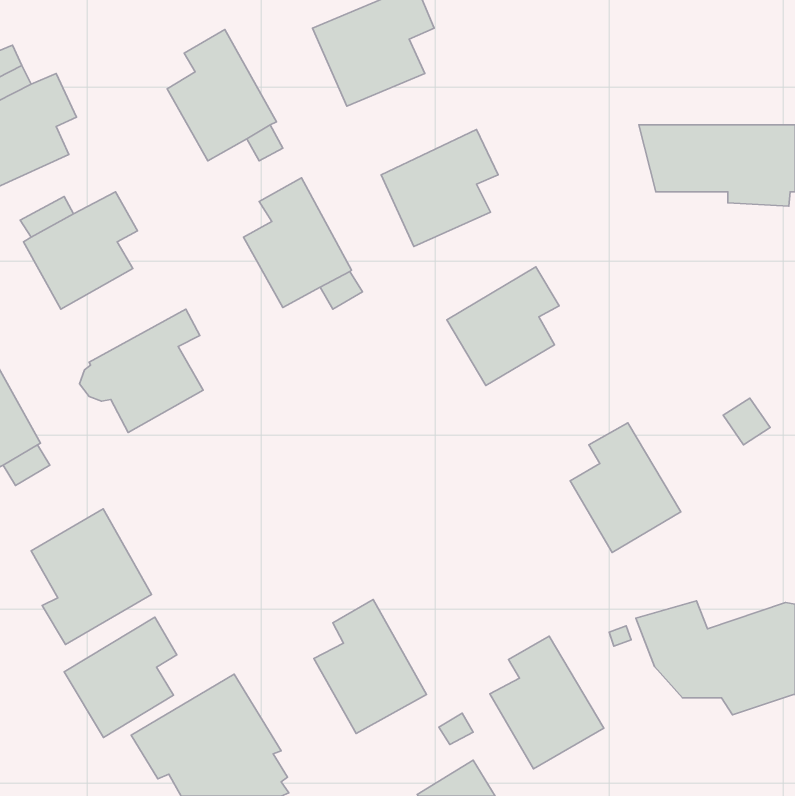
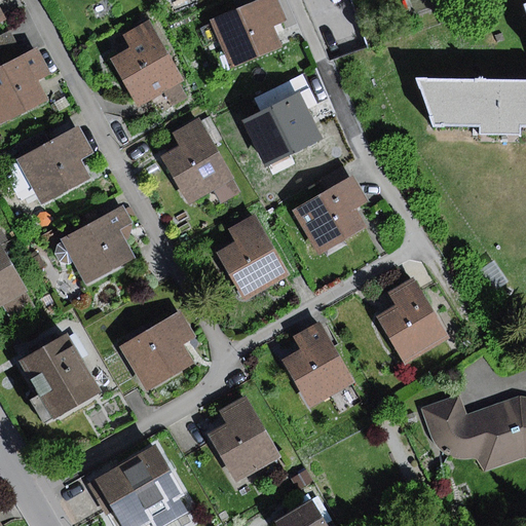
building: none -> [215,214,289,301]
building: [64,617,177,737] -> [120,311,194,390]
building: [490,636,604,769] -> [280,321,355,408]

